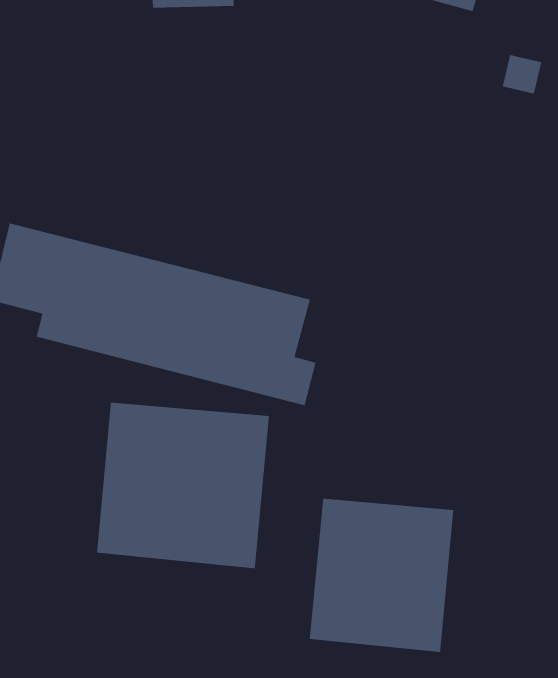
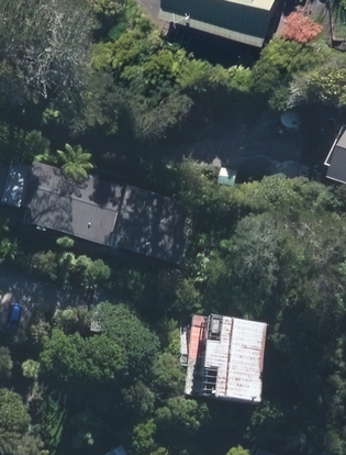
building: [96,402,270,569] -> none

